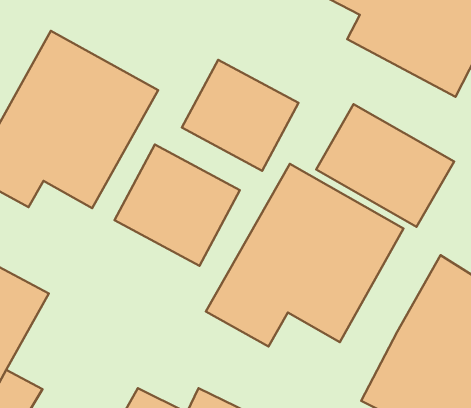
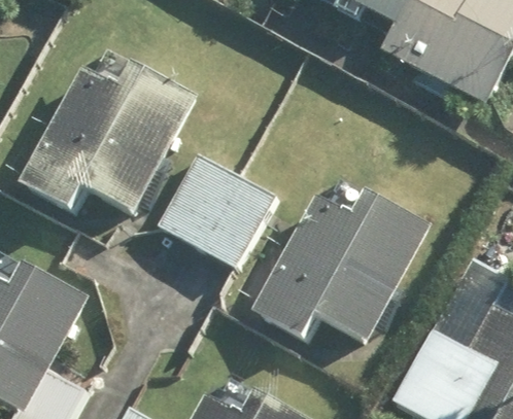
building: [182,60,299,171] -> none
building: [316,104,454,227] -> none

